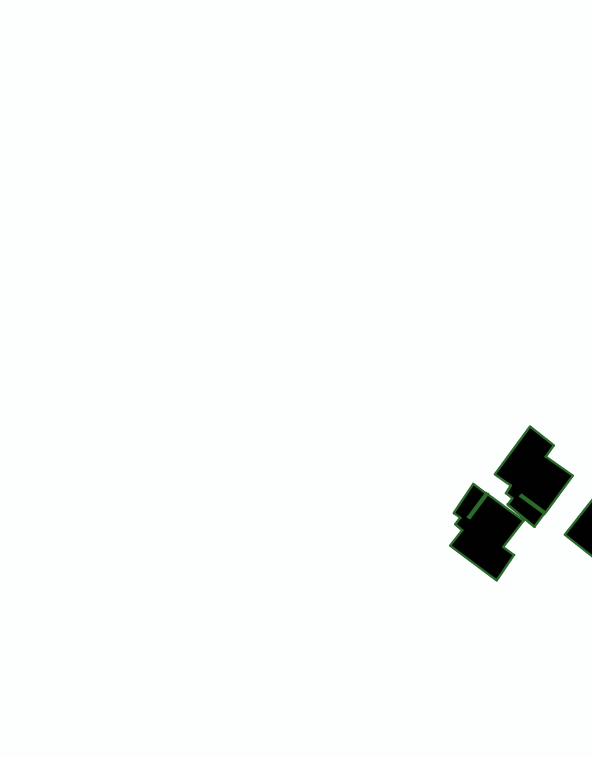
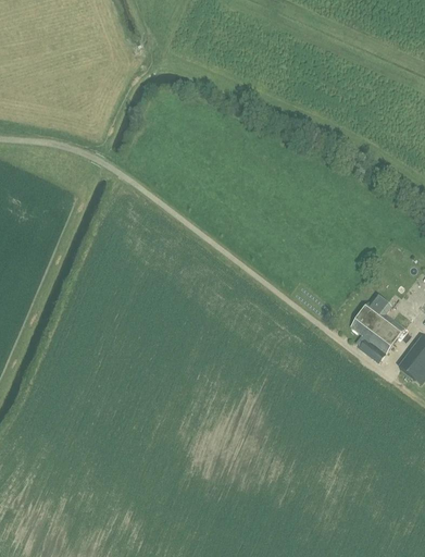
building: [450,484,524,580] -> none

